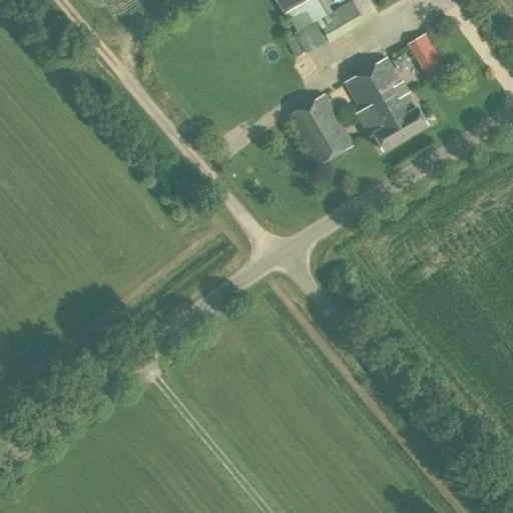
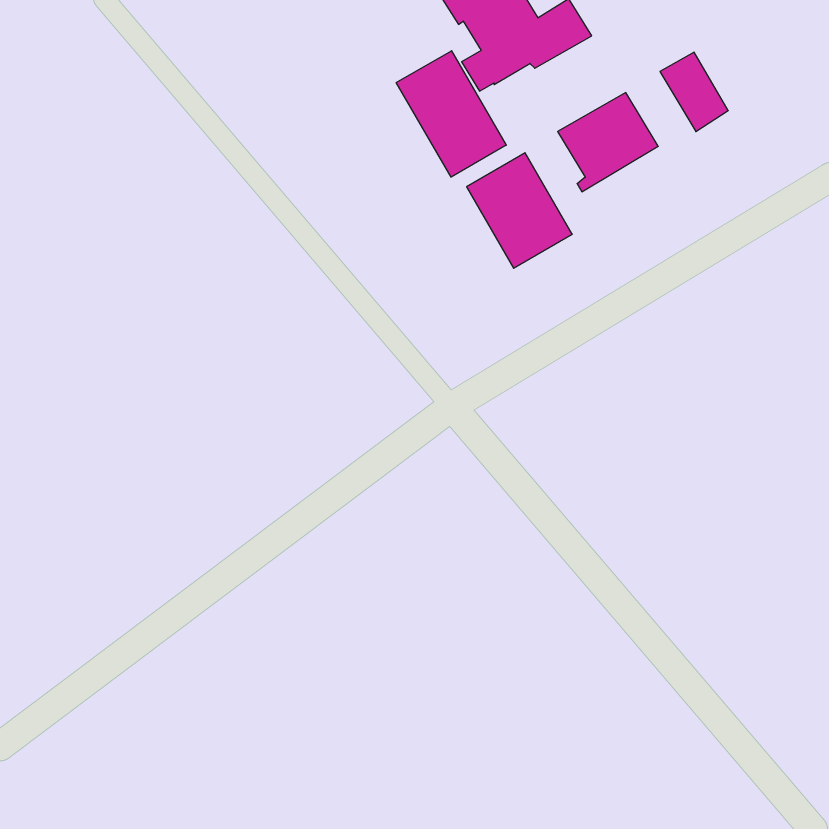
building: none -> [396,51,506,177]
building: [360,90,427,149] -> none

